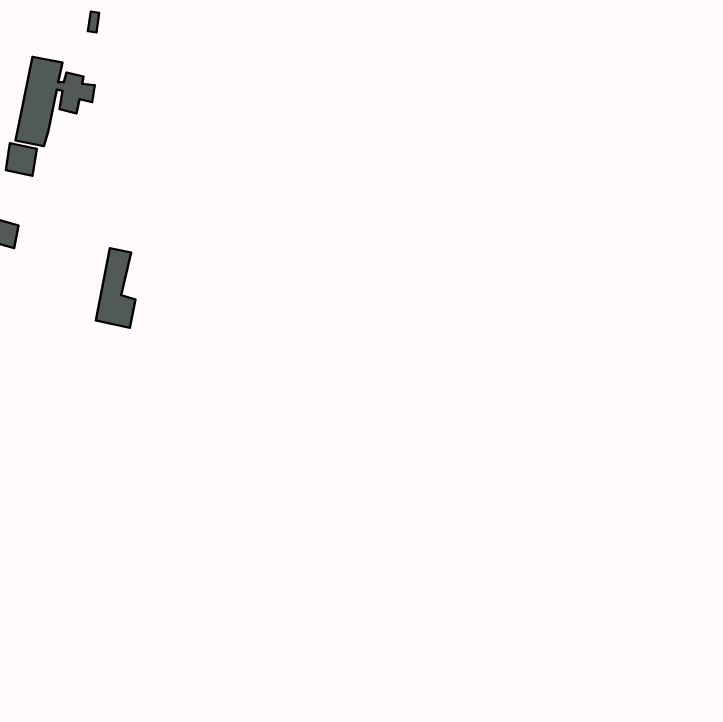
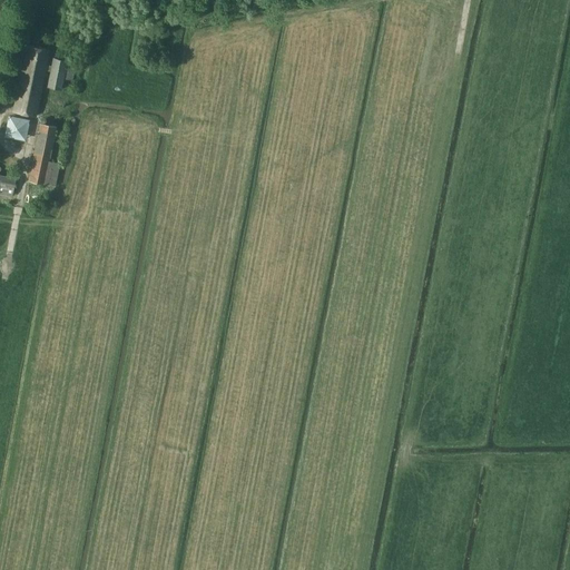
building: [96,248,135,328] -> [28,125,59,187]

